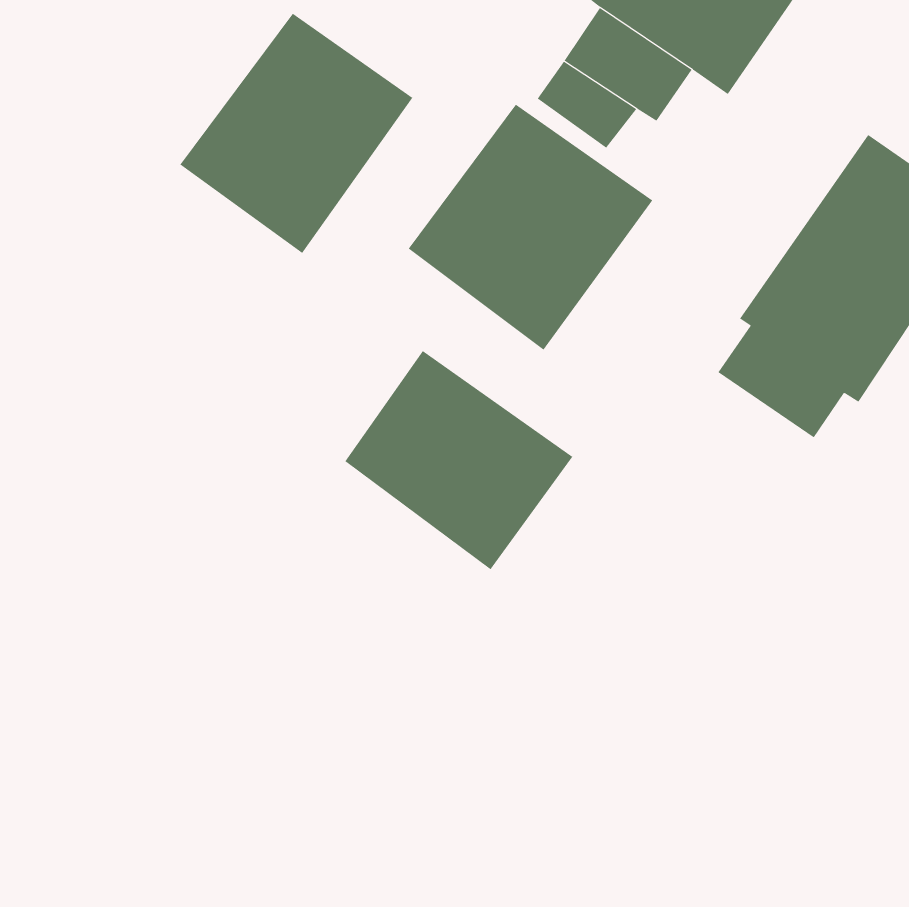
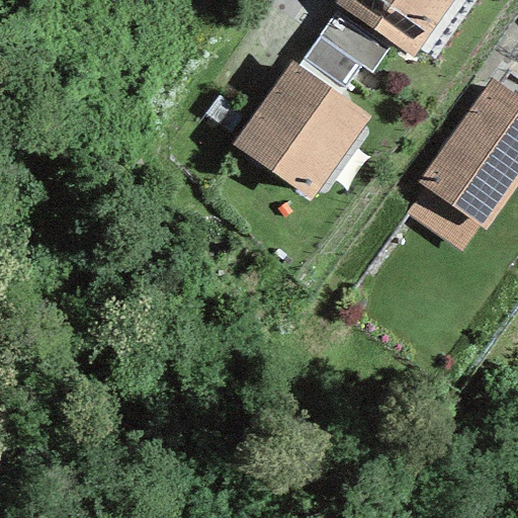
building: [180,13,413,254] -> none
building: [344,350,573,570] -> none

